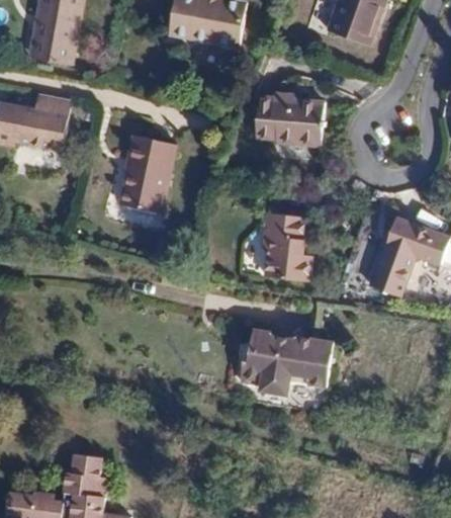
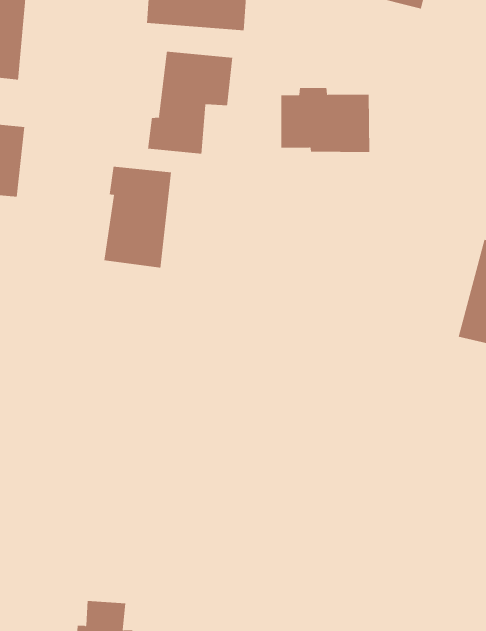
building: none -> [147,51,233,154]
building: [264,213,310,282] -> none
building: [239,329,332,395] -> none

